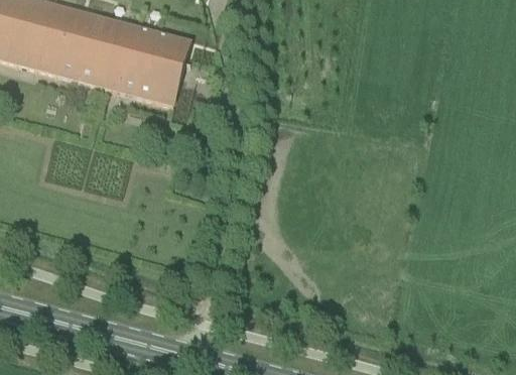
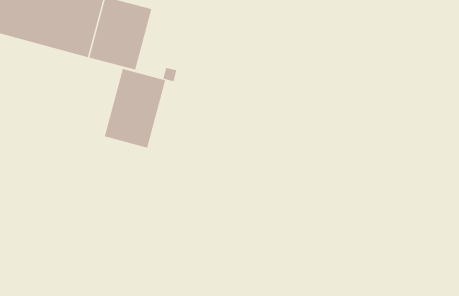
building: none -> [104,68,166,148]

